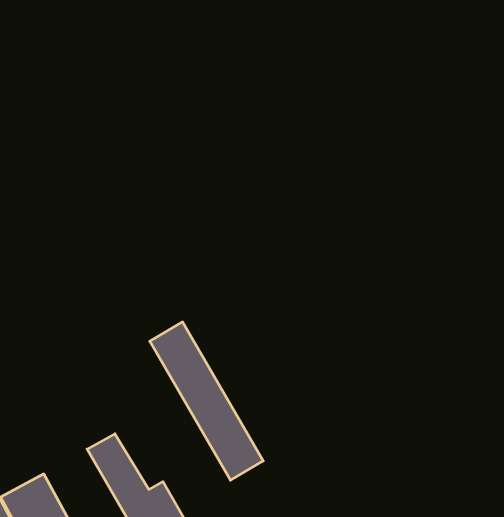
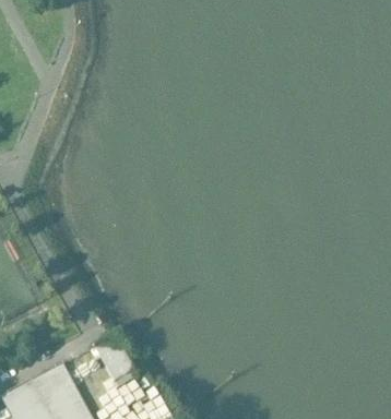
building: [150,322,263,480] -> none

